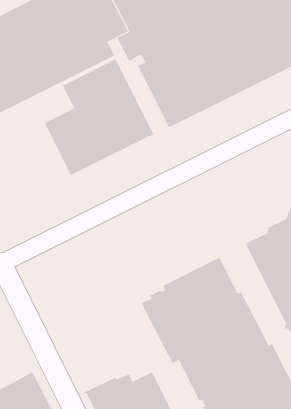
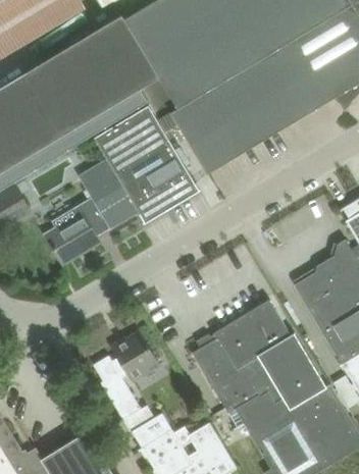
building: none -> [46,198,109,264]
building: none -> [94,333,173,447]

